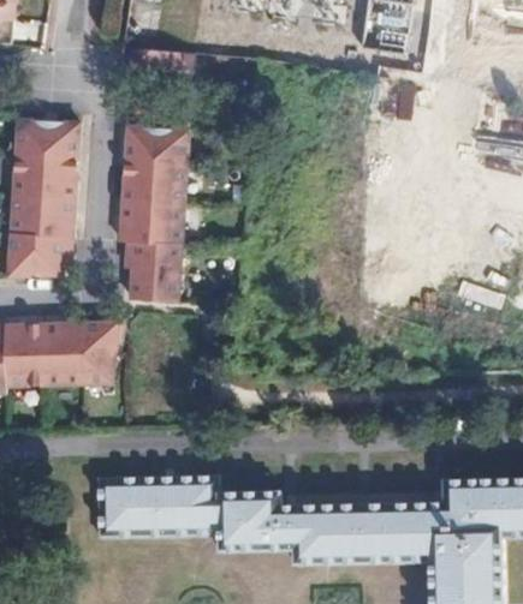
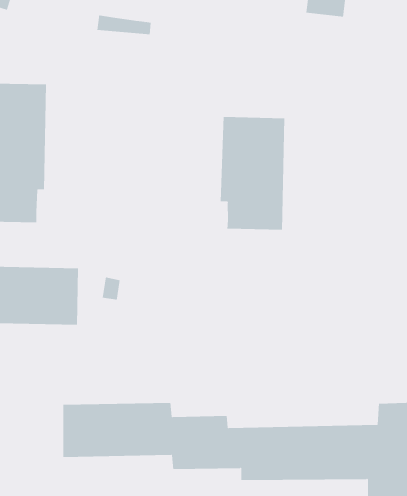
building: [121,128,186,303] -> none
building: none -> [220,116,285,231]

